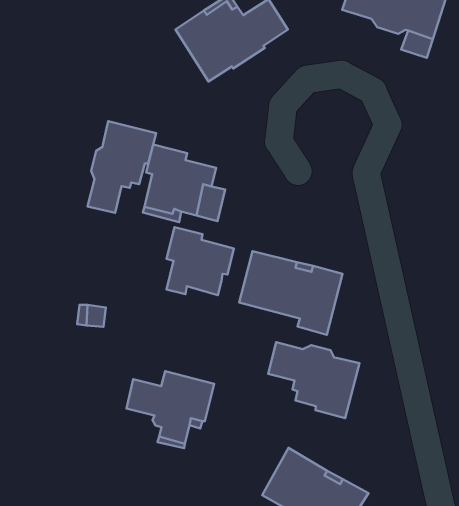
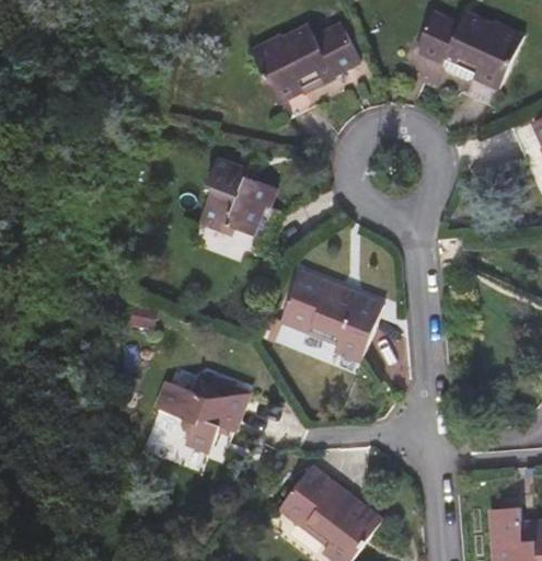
building: [87,121,156,213] -> none
building: [167,227,234,295] -> none
building: [268,342,360,418] -> none

